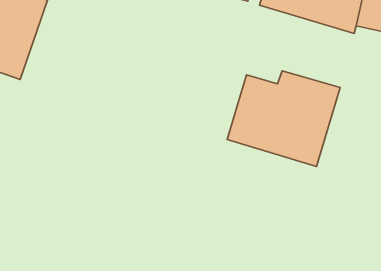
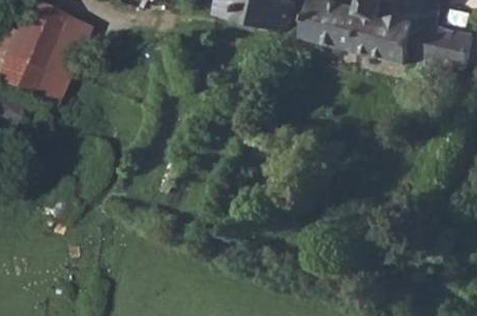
building: [227,71,340,167] -> none

